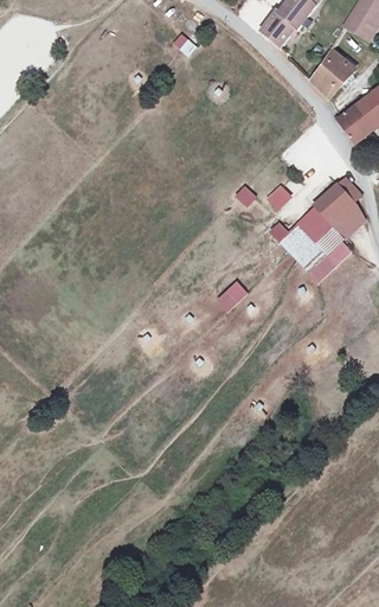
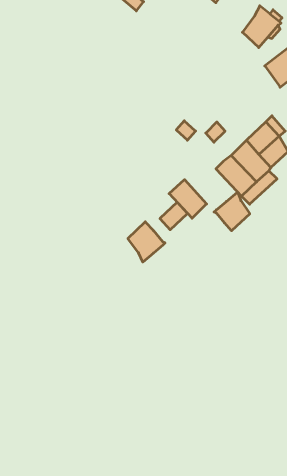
building: none -> [169,180,207,218]
building: none -> [214,192,250,231]
building: none -> [128,222,165,262]

